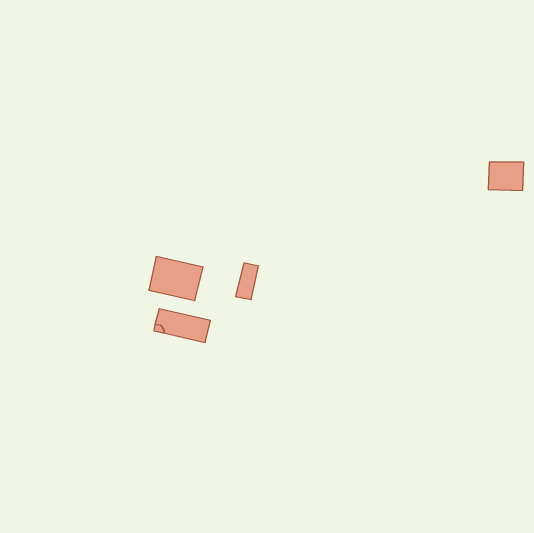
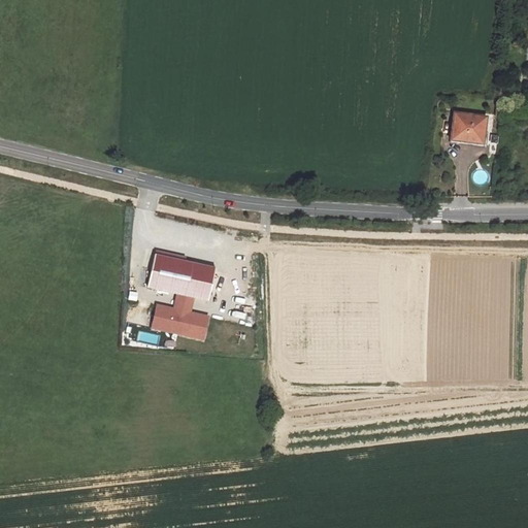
building: [488,162,524,190] -> [452,116,487,143]
building: [236,263,259,300] -> [193,263,216,299]

